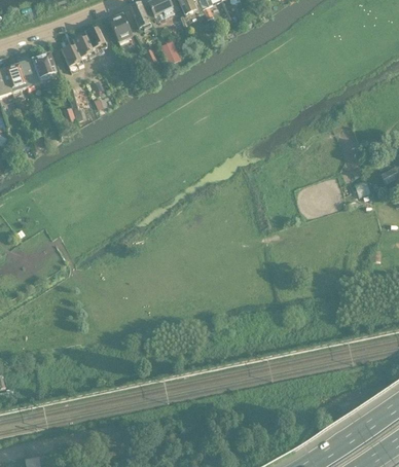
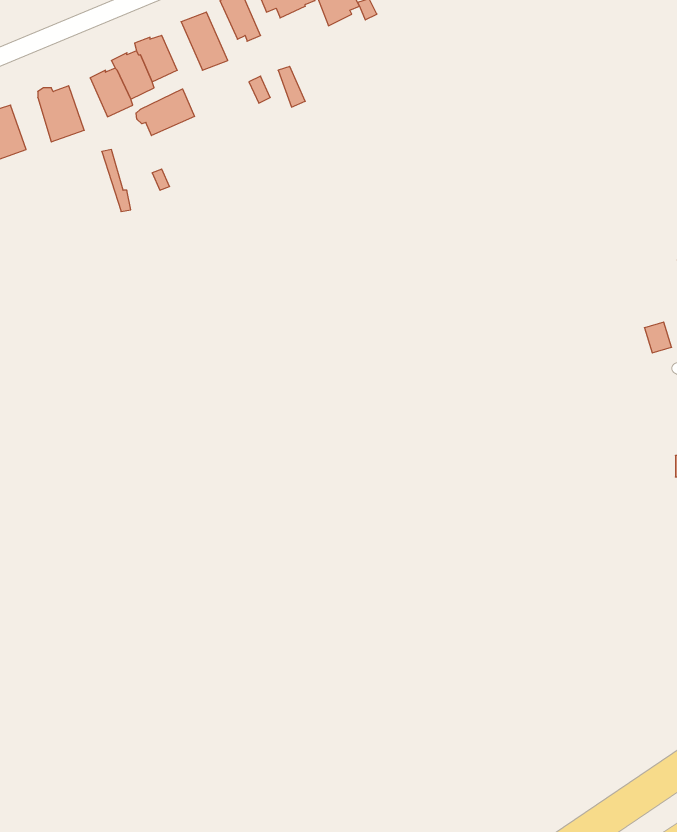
building: none -> [136,89,195,136]
building: [19,59,40,86] -> none

